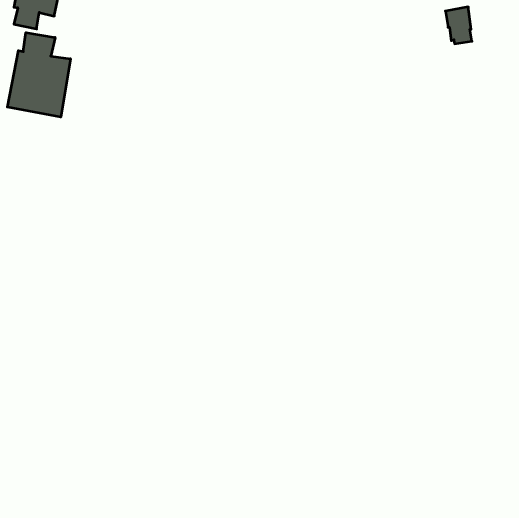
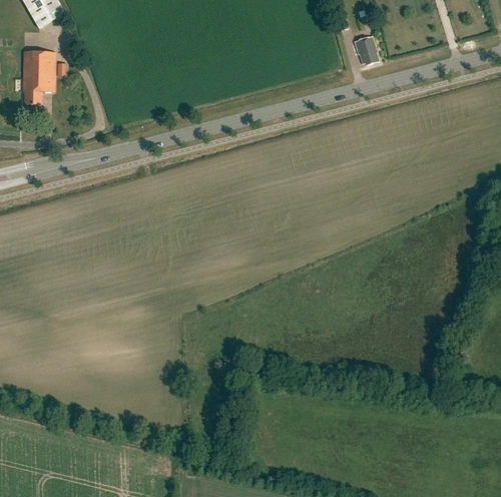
building: [7,33,70,117] -> none

